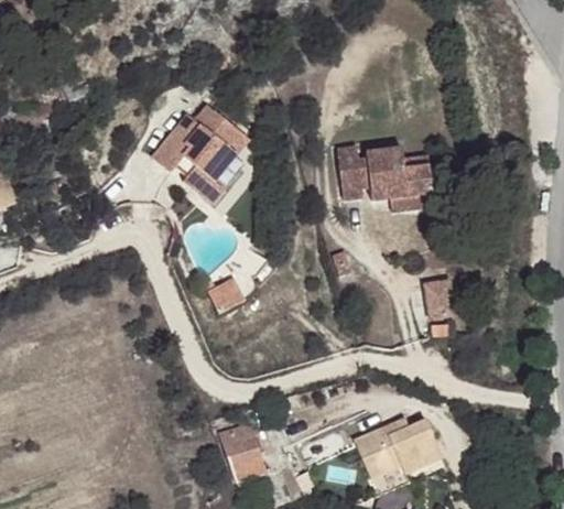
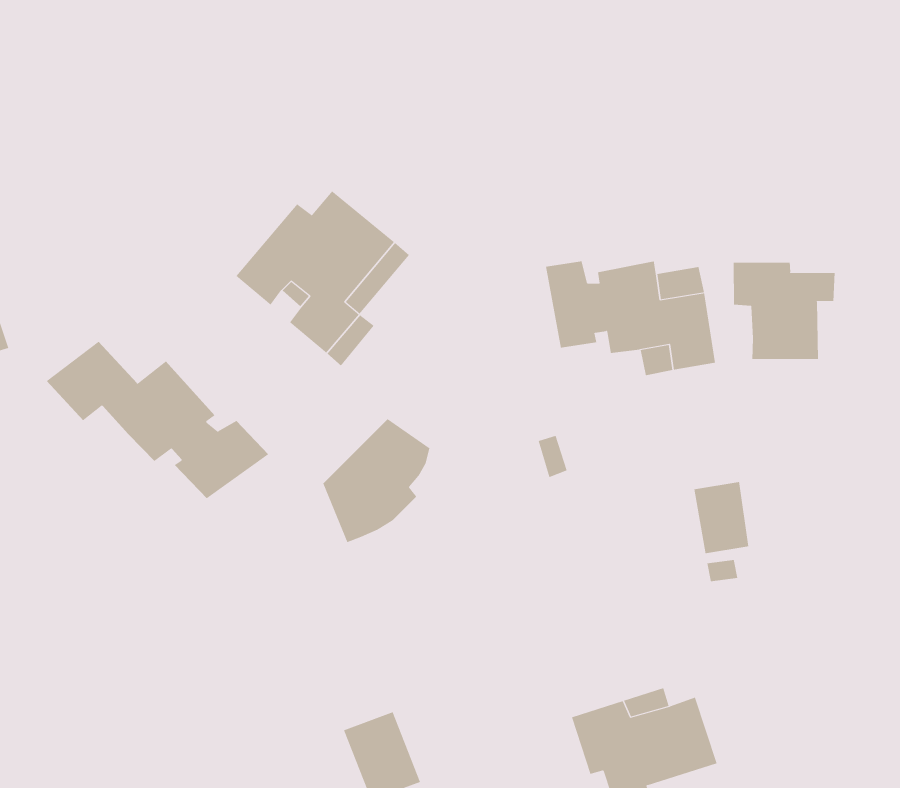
building: none -> [733,262,835,360]
building: none -> [46,341,269,499]

